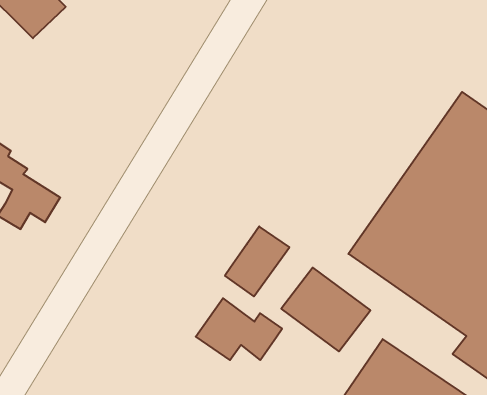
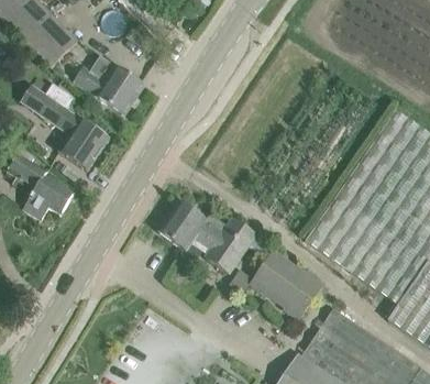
building: none -> [74,56,145,117]
building: none -> [35,85,110,172]
building: [196,298,282,360] -> [158,201,228,251]

